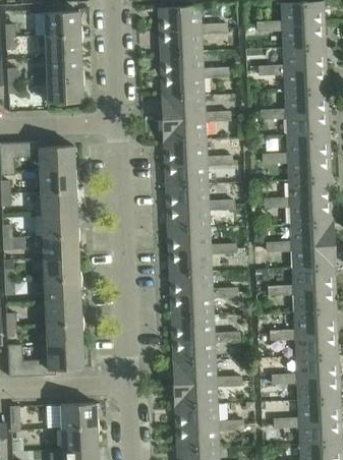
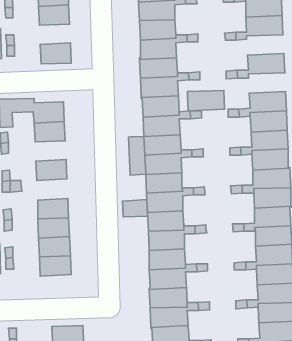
building: [46,56,81,79] -> none
building: [284,68,327,92] -> none
building: [286,112,329,135] -> [187,91,225,111]
building: none -> [128,136,146,175]
building: [41,190,76,214] -> none
building: [43,234,78,258] -> none
building: none -> [122,200,148,217]
building: [8,344,83,377] -> none

